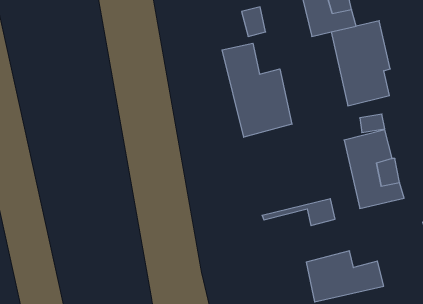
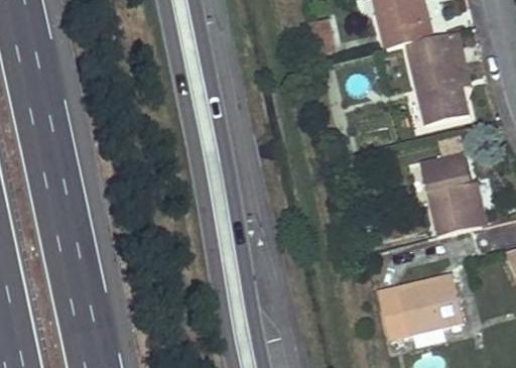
building: [222,43,292,137] -> none
building: [262,199,335,226] -> [376,272,456,301]

